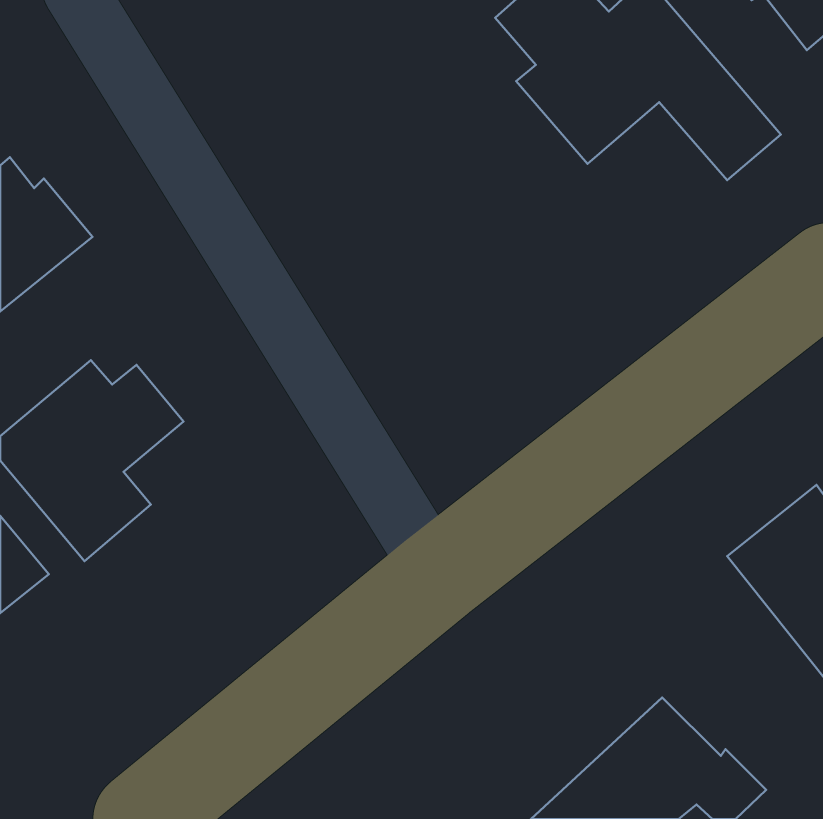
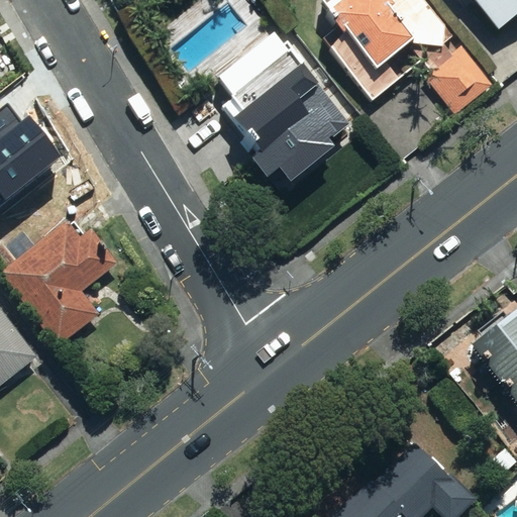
building: none -> [225,33,347,180]

